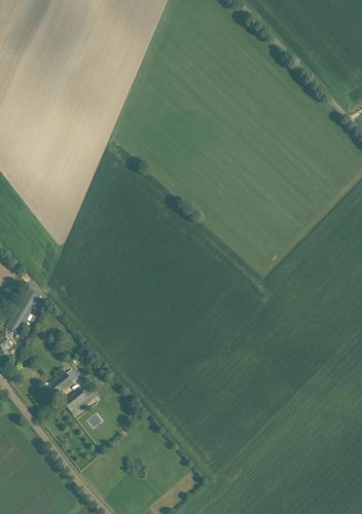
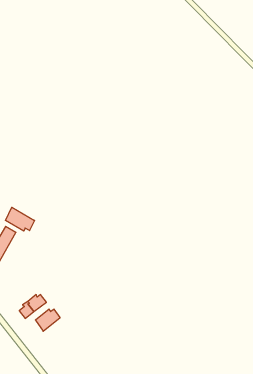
building: none -> [5,207,35,231]

